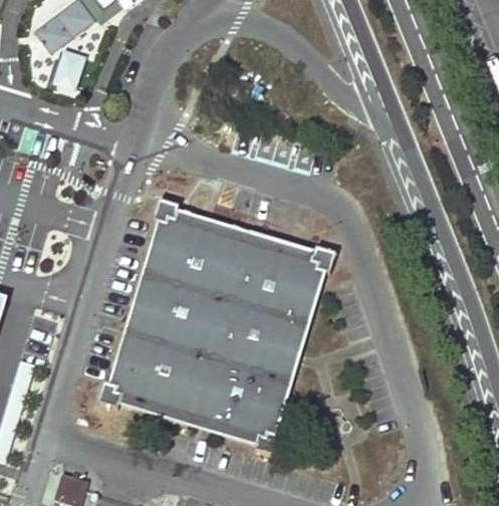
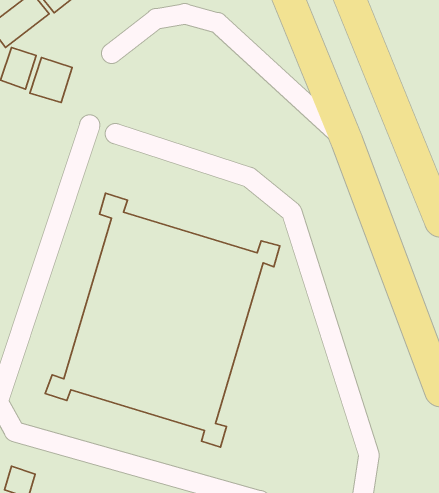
building: none -> [30,57,72,102]

